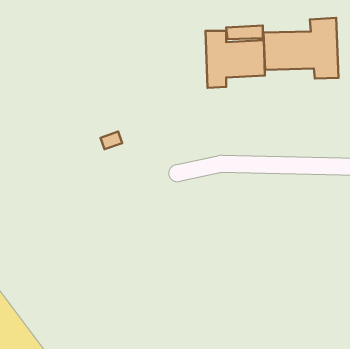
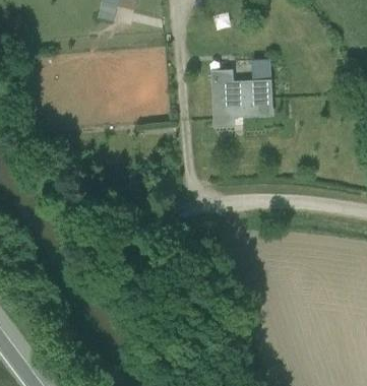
building: [263,18,338,78] -> none

